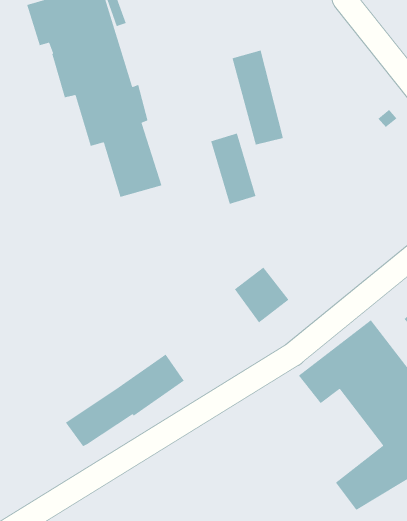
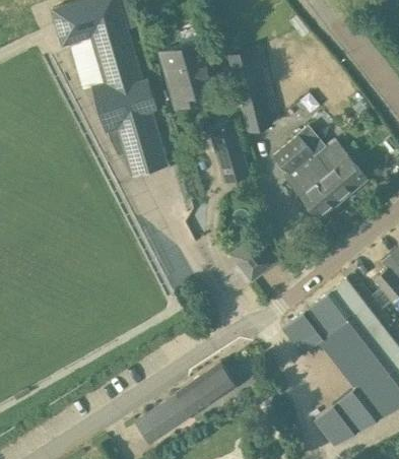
building: none -> [159,42,212,109]
building: none -> [272,126,365,219]
building: [65,354,185,447] -> [133,364,236,444]

